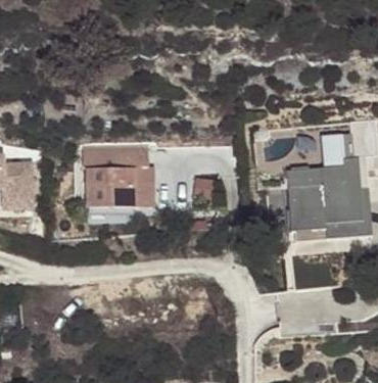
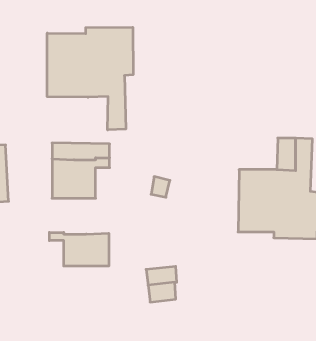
building: none -> [47,27,133,130]
building: none -> [49,232,109,266]

